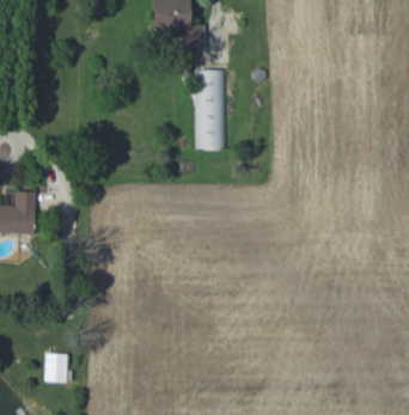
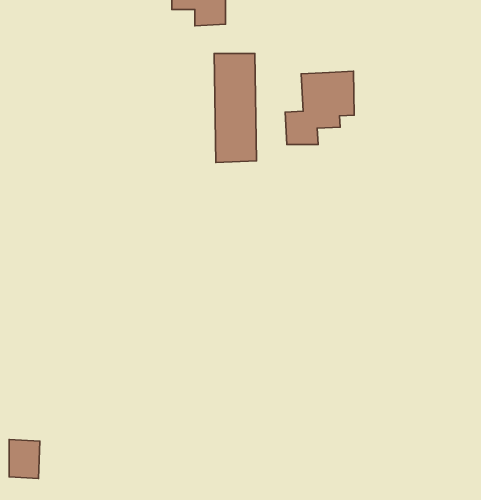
building: none -> [285,71,354,144]

